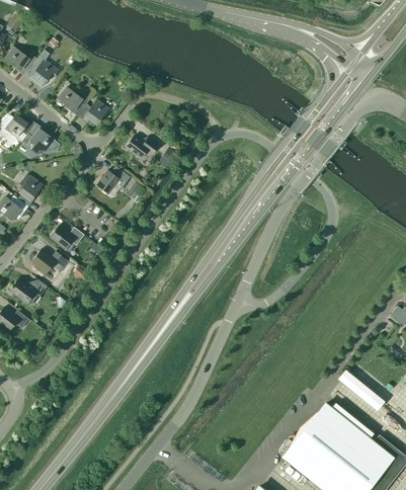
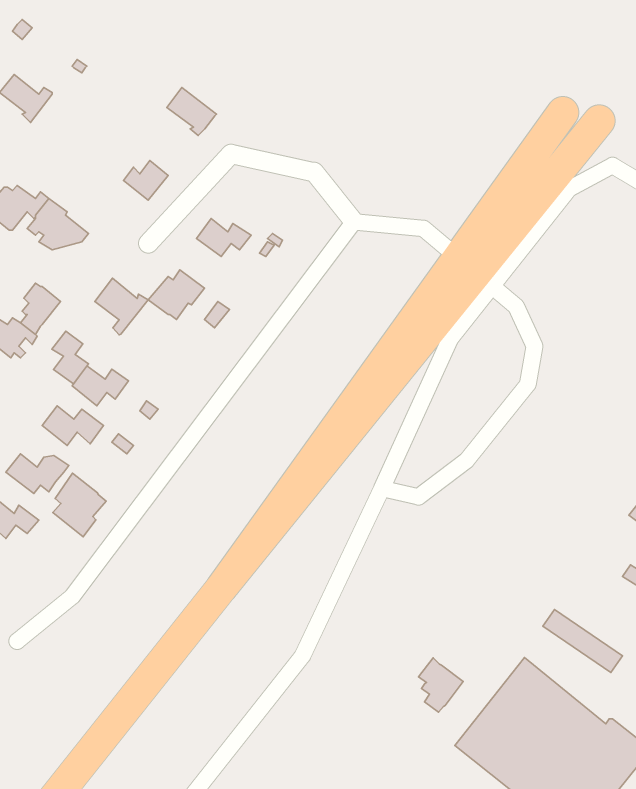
building: [23,50,58,86] -> none
building: [57,86,87,115] -> [167,87,217,136]
building: none -> [95,278,148,335]
building: none -> [52,331,89,384]
building: none -> [53,473,106,537]
building: none -> [419,658,463,712]

